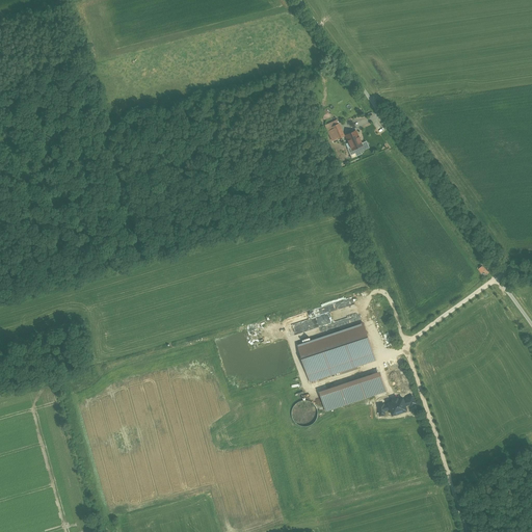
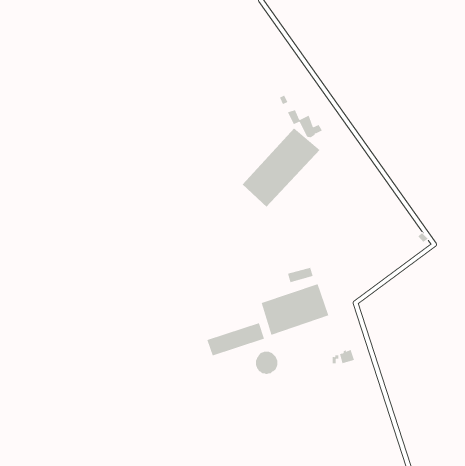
building: none -> [242,128,320,208]
building: [319,372,385,410] -> [207,322,265,356]

